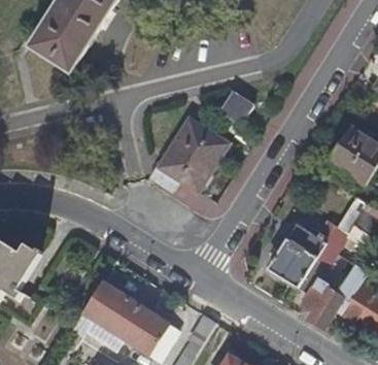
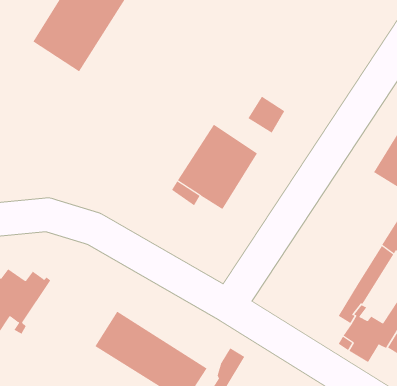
building: [266,218,336,286] -> none

